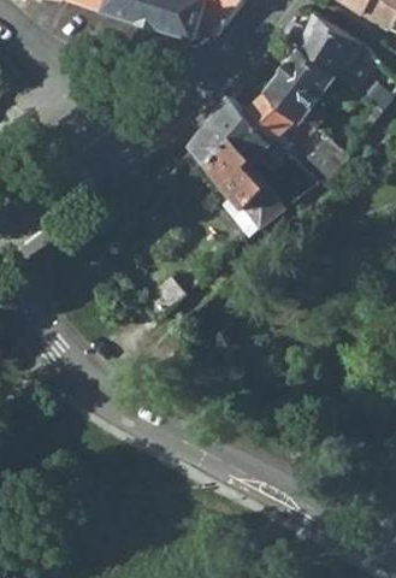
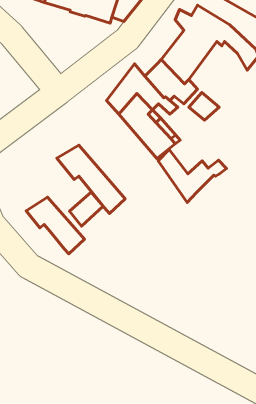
building: none -> [57,145,125,213]
building: none -> [158,150,226,202]
building: none -> [26,197,84,254]

